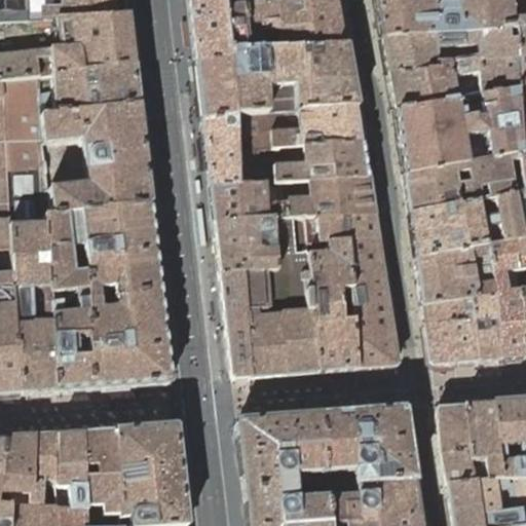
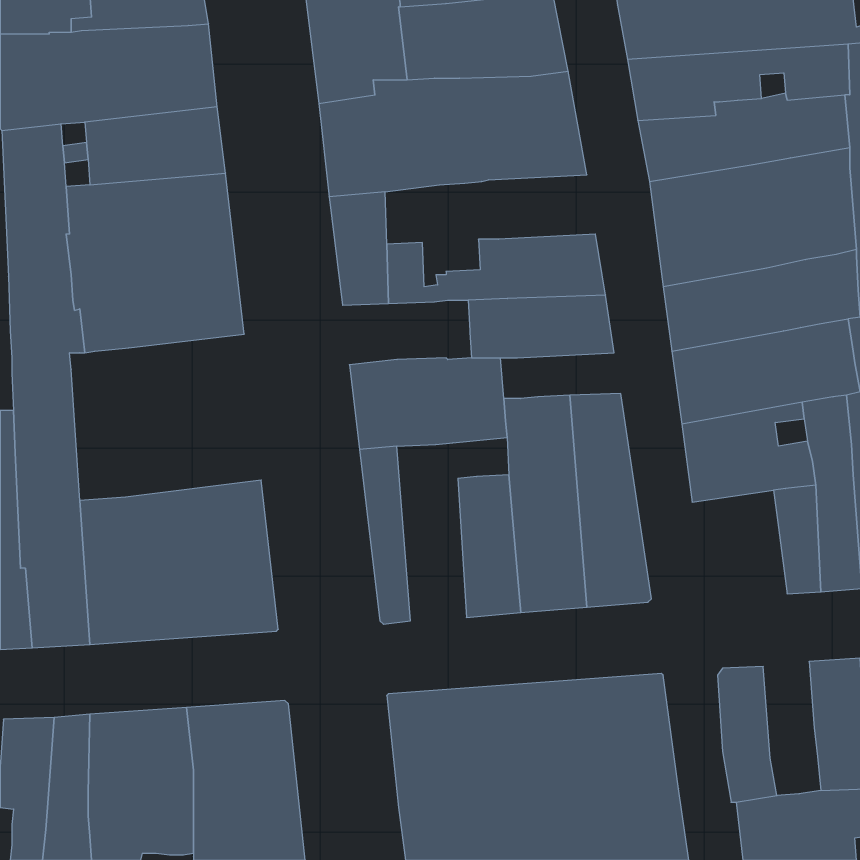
building: [237,106,365,148] -> none
building: [212,182,290,221] -> none
building: [46,202,162,303] -> none
building: [307,214,380,241] -> none
building: [245,265,312,376] -> none
building: [423,297,481,364] -> none
building: [466,401,501,482] -> none

